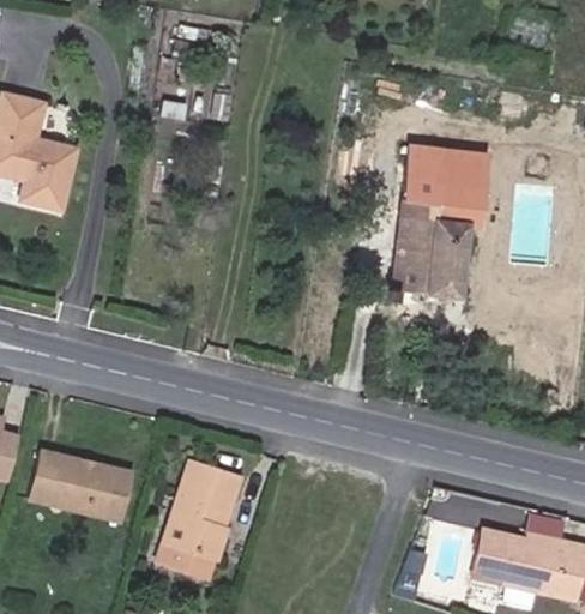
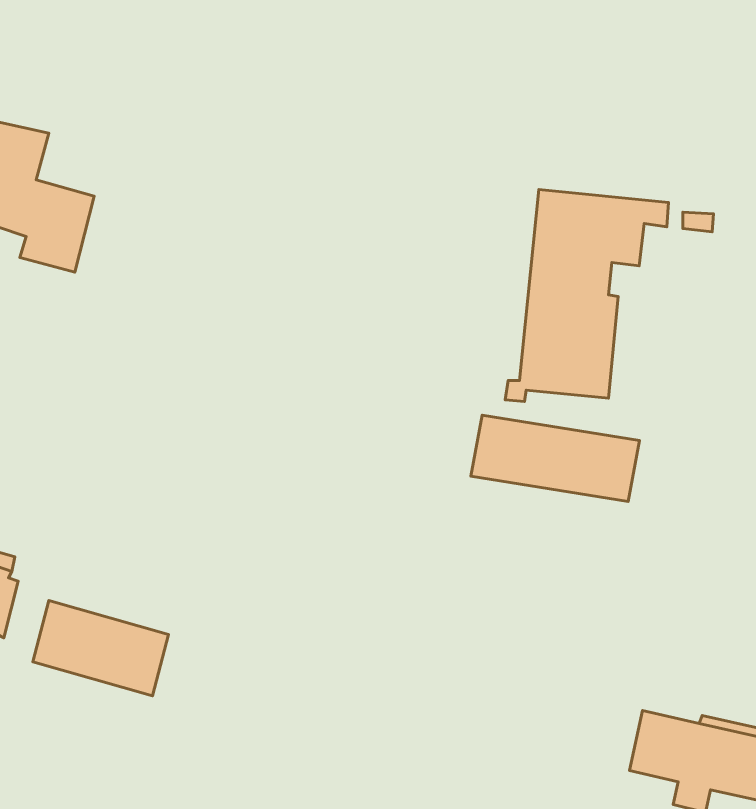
building: none -> [471,415,640,502]
building: [162,464,242,579] -> none

